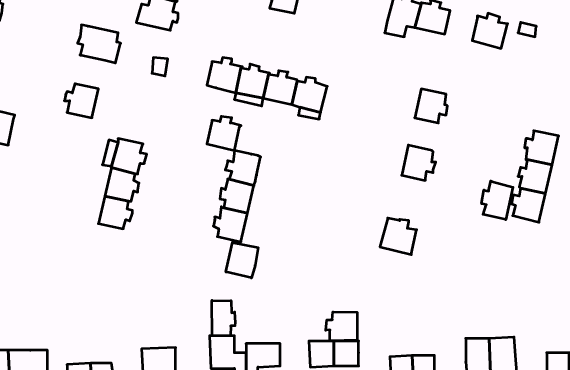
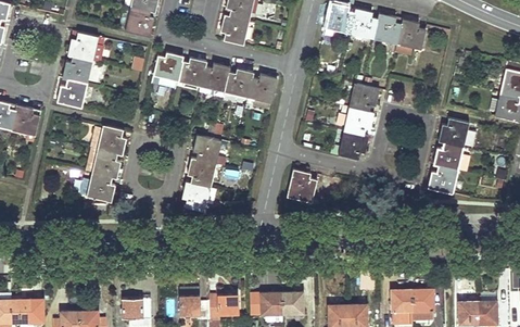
building: none -> [220,15,250,45]
building: none -> [375,15,402,43]
building: none -> [64,55,92,84]
building: [207,116,241,150] -> [154,52,182,80]
building: none -> [12,108,41,142]
building: none -> [334,108,372,135]
building: [482,181,513,220] -> none
building: [380,218,417,255] -> [287,171,317,201]
building: [226,242,258,278] -> none
building: [212,300,235,336] -> none
building: [326,312,357,341] -> none

